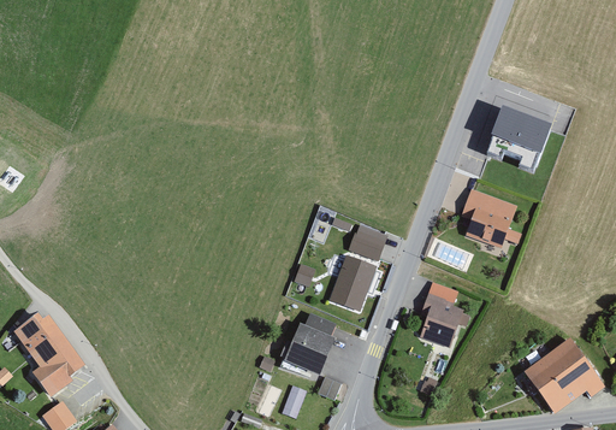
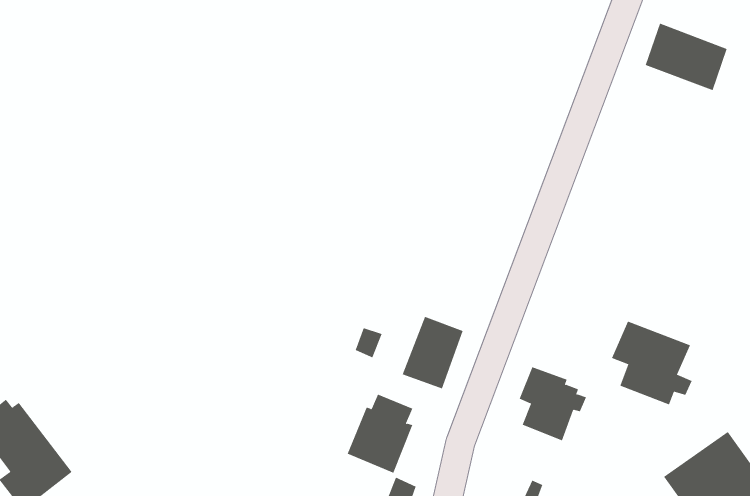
building: [491,112,552,163] -> [645,23,728,91]
building: [458,187,519,249] -> [611,321,692,405]
building: [348,222,389,260] -> none

